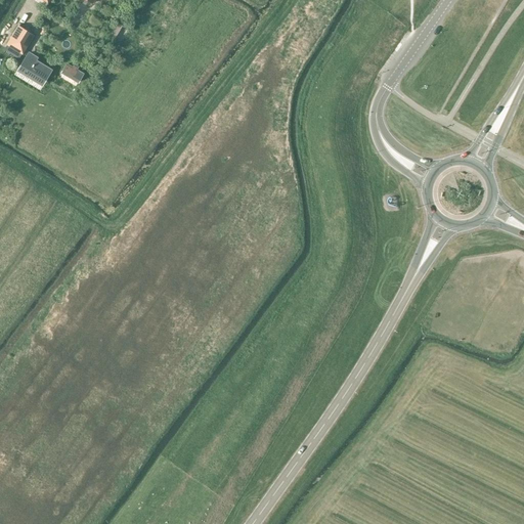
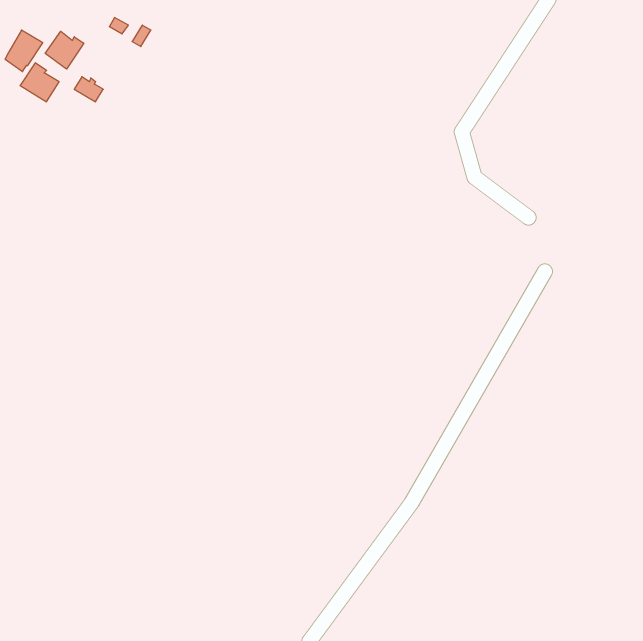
building: none -> [45,31,84,69]

